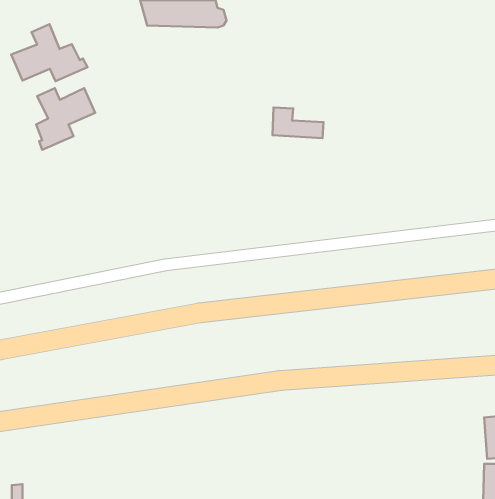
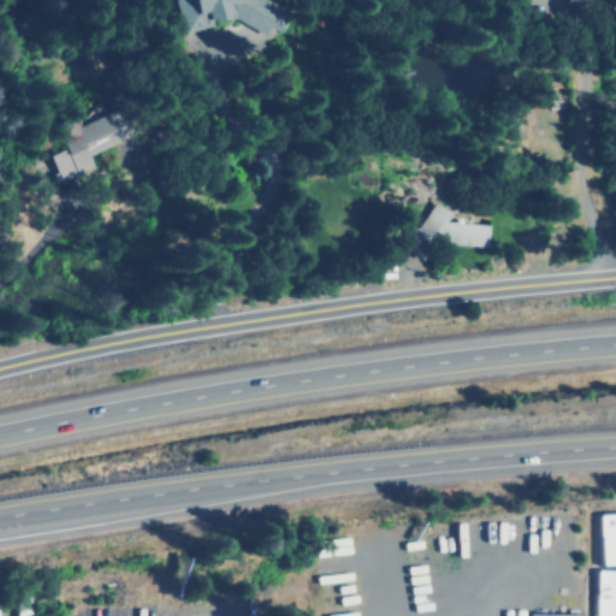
building: [11,24,87,81] -> none
building: [272,108,323,138] -> [425,207,487,244]

